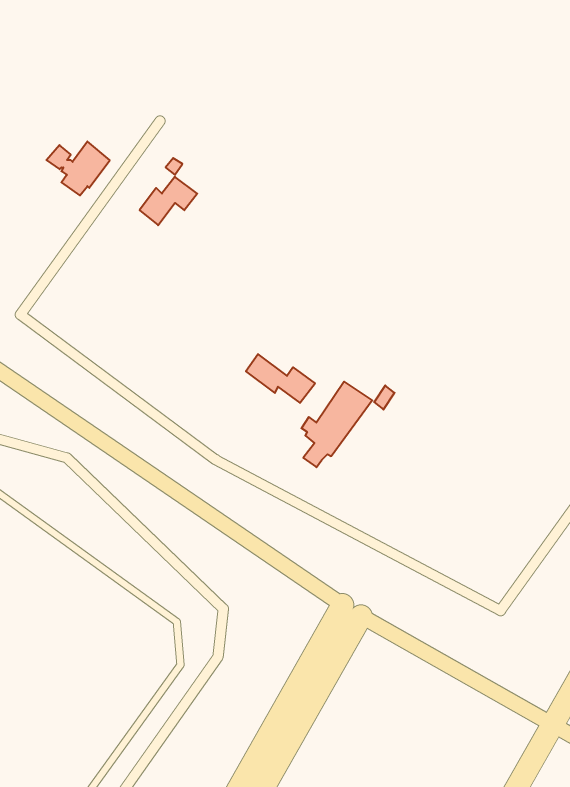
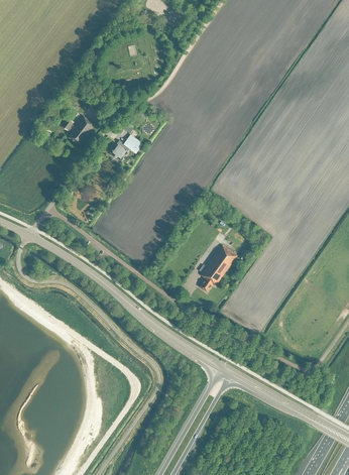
building: [246,354,315,403] -> none

